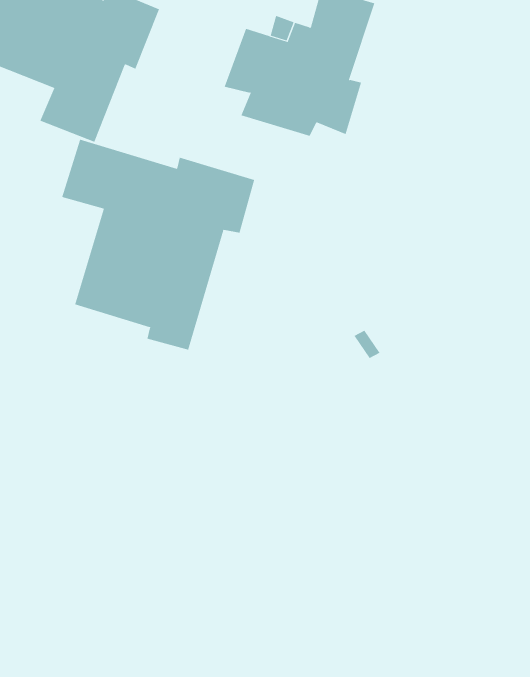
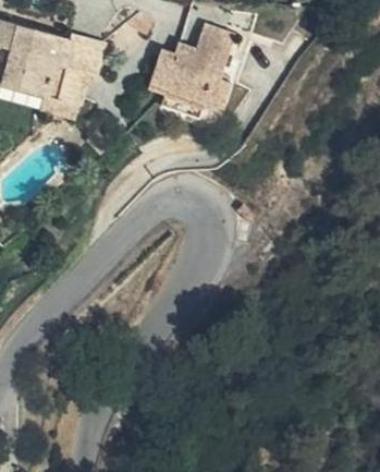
building: [62,139,255,351] -> none

